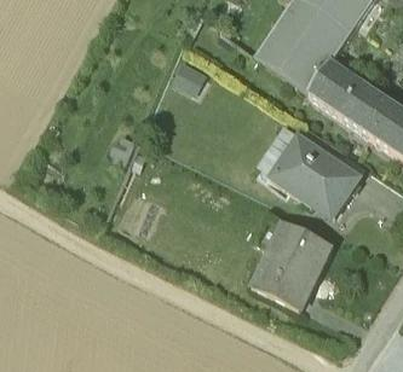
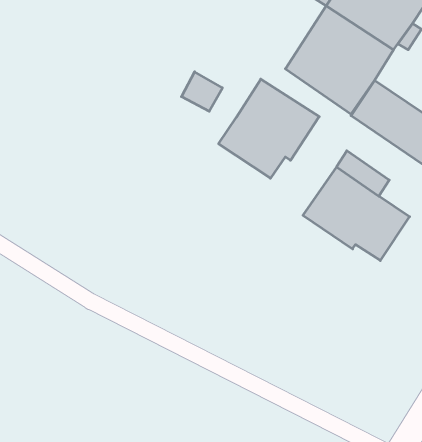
building: none -> [219,79,319,178]
building: [253,222,324,309] -> none

